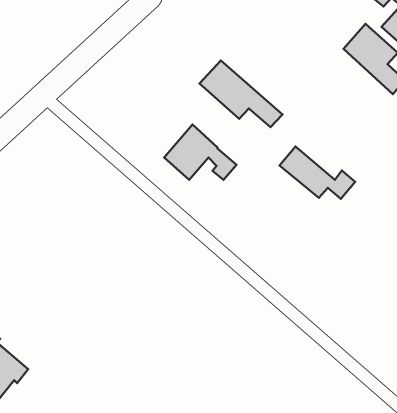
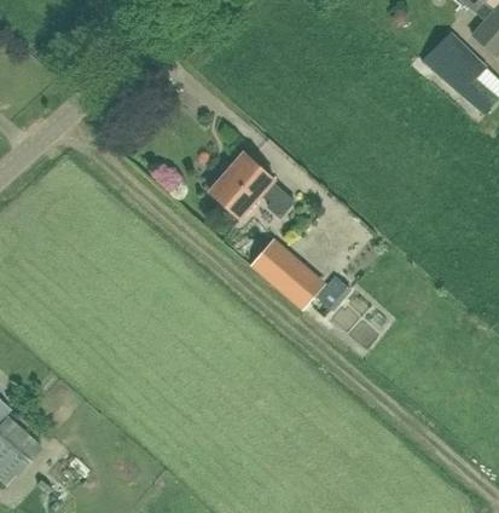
building: [200,60,283,127] -> none
building: [280,146,355,199] -> [261,248,352,311]

